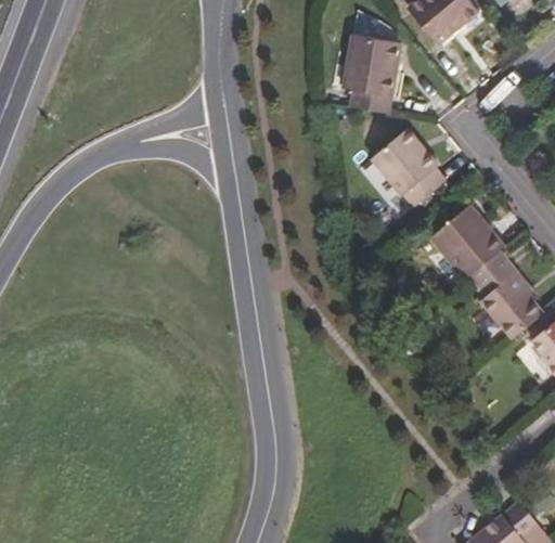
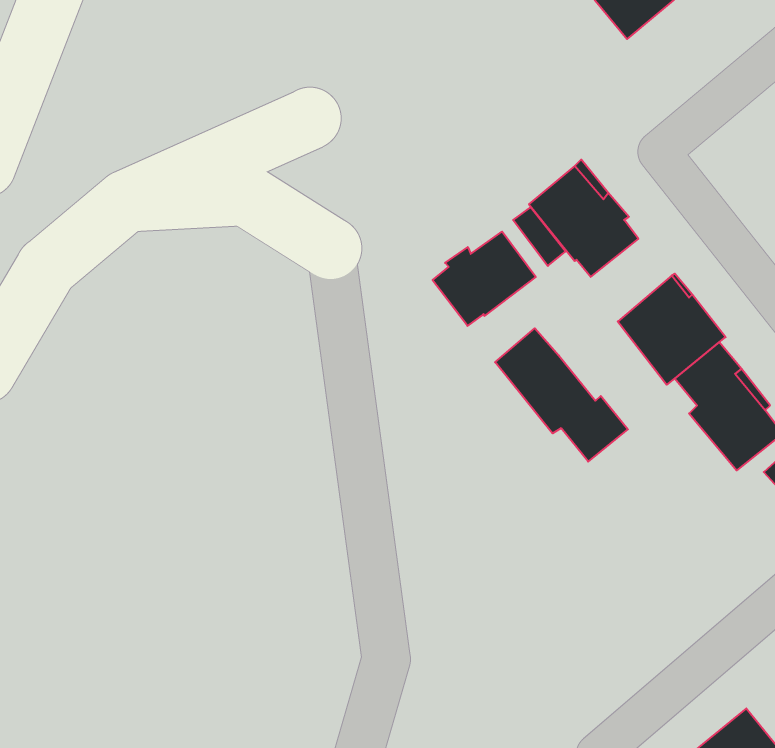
building: [343,34,401,114] -> none
building: none -> [433,232,536,326]
building: none -> [495,328,628,462]

